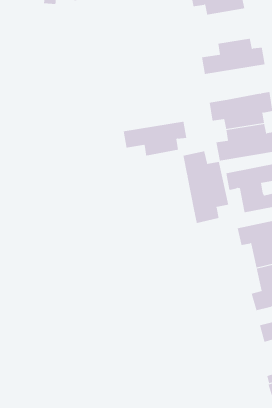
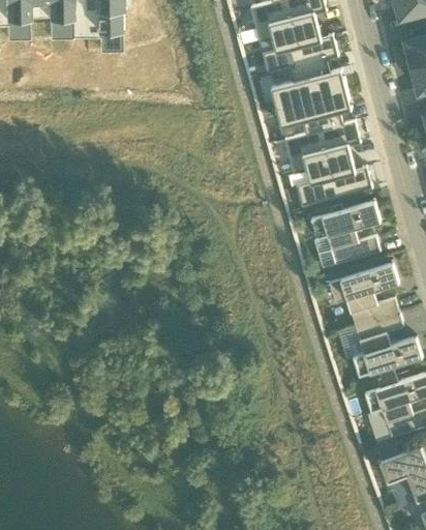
building: none -> [262,27,337,76]
building: [123,121,187,156] -> [275,90,351,135]
building: [183,150,229,224] -> none

